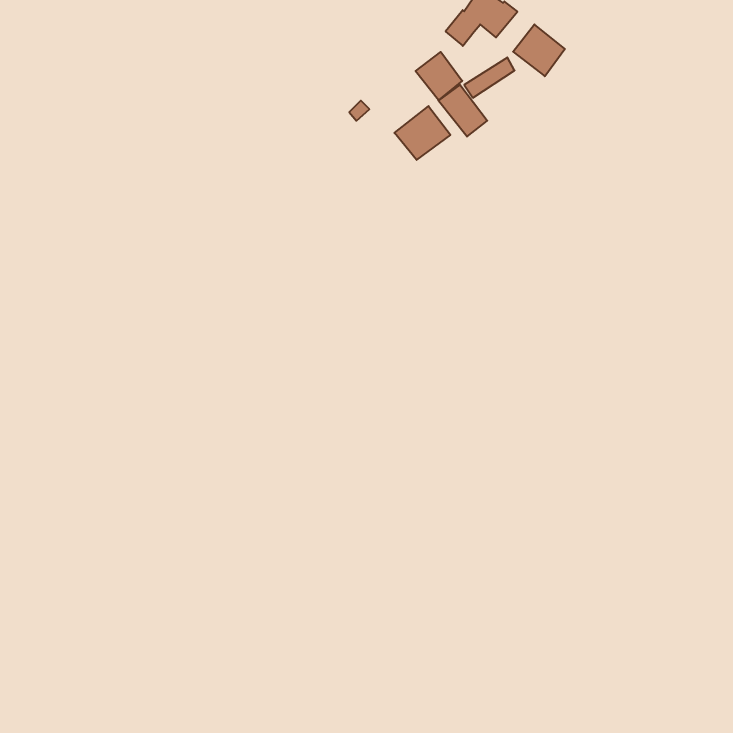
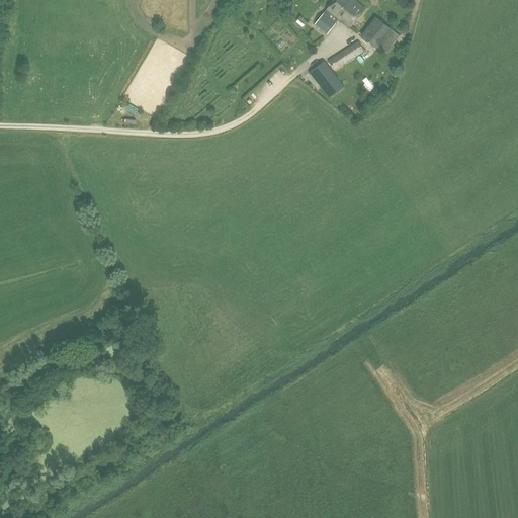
building: [416,52,462,100] -> none
building: [394,106,450,160] -> none

